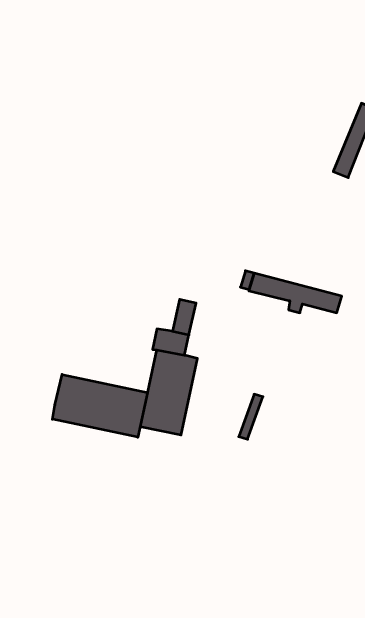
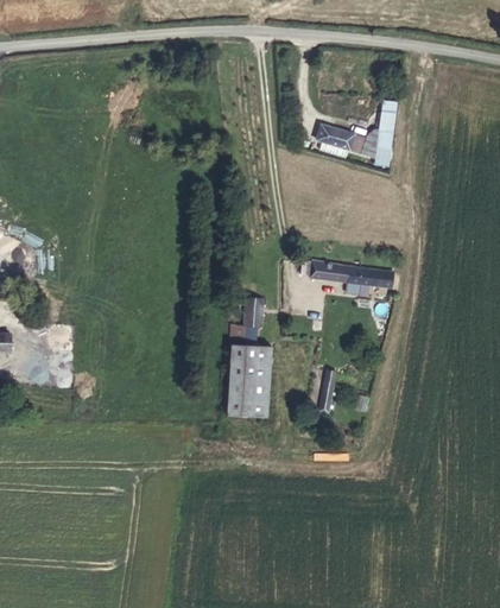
building: none -> [310,120,359,154]
building: [52,374,147,437] -> none

